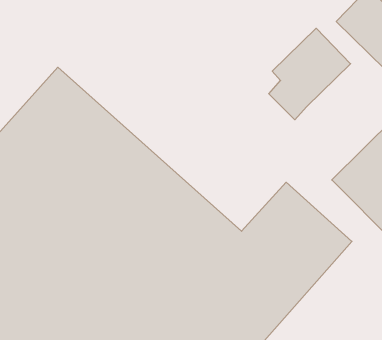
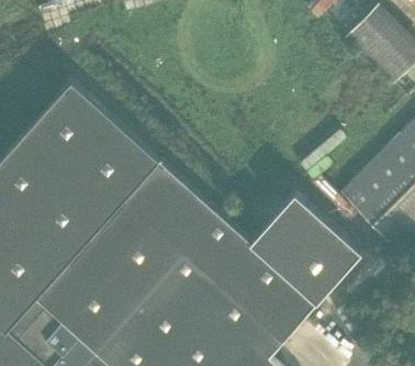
building: [269,28,351,120] -> none

